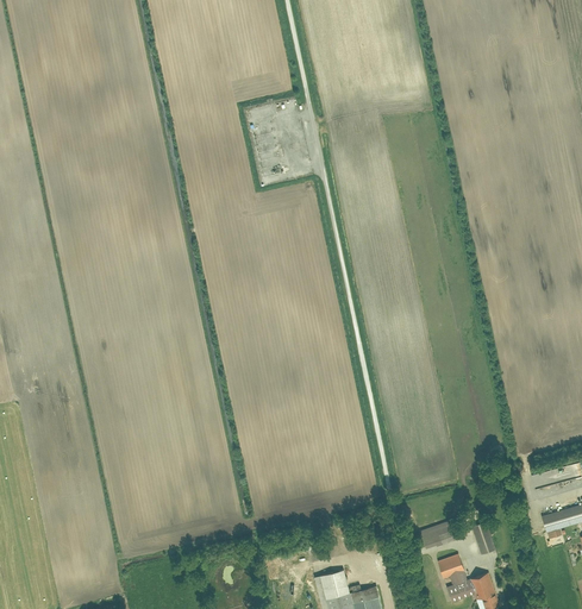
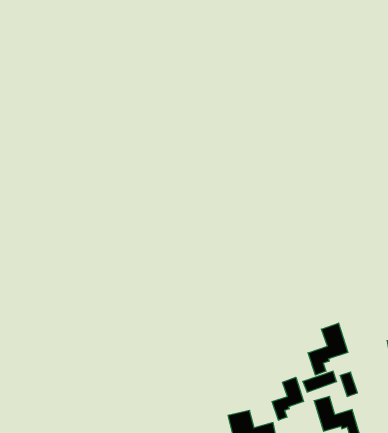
building: none -> [308,323,348,375]
building: none -> [272,377,304,420]

